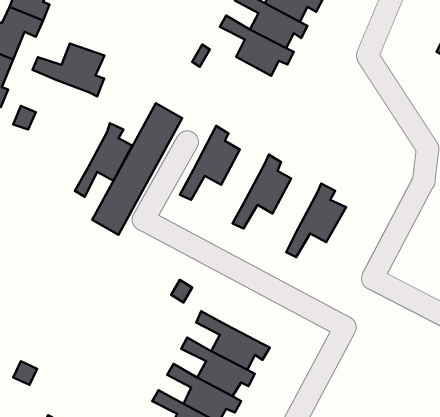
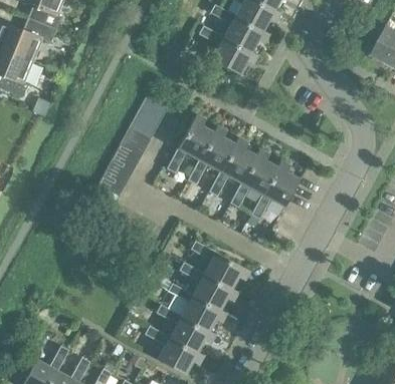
building: [32,44,104,97] -> none
building: [75,123,132,197] -> [187,125,233,184]
building: none -> [229,148,275,208]
building: none -> [189,241,248,288]

